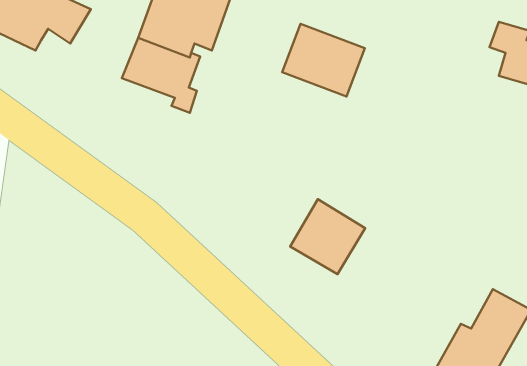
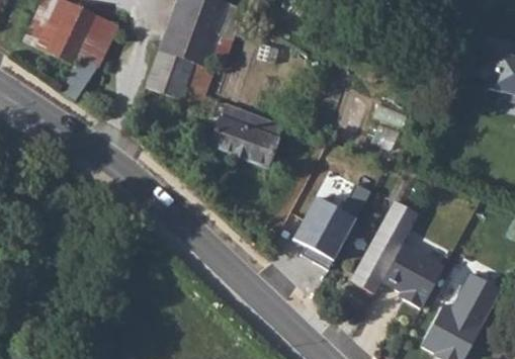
building: [282,24,365,97] -> [210,102,283,166]
building: none -> [61,42,100,99]
building: none -> [351,198,446,307]

